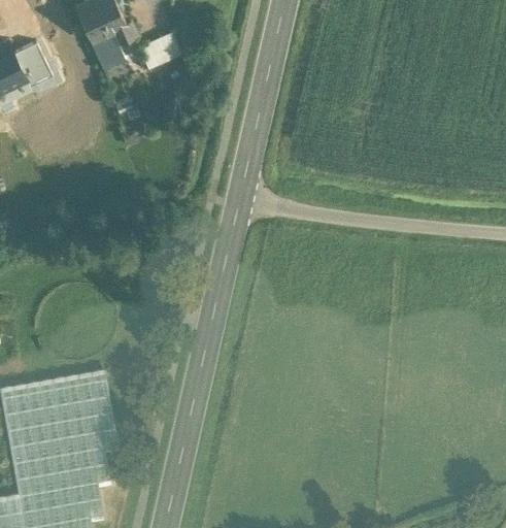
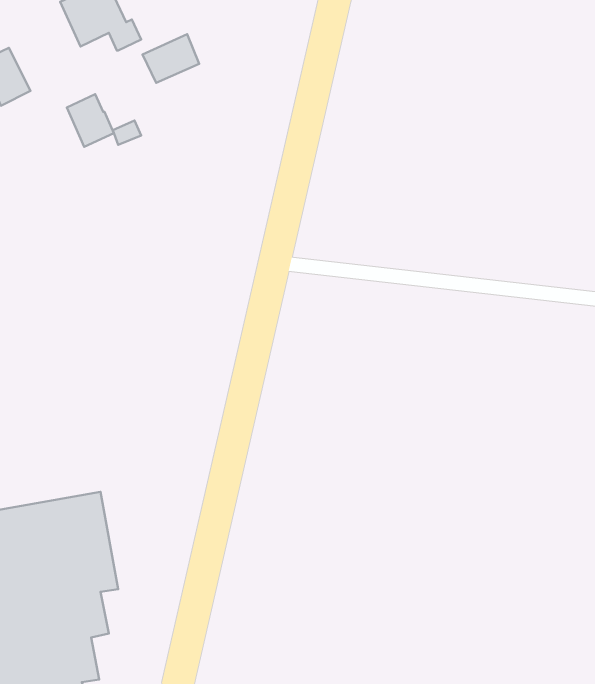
building: [90,29,126,69] -> [67,94,114,147]

